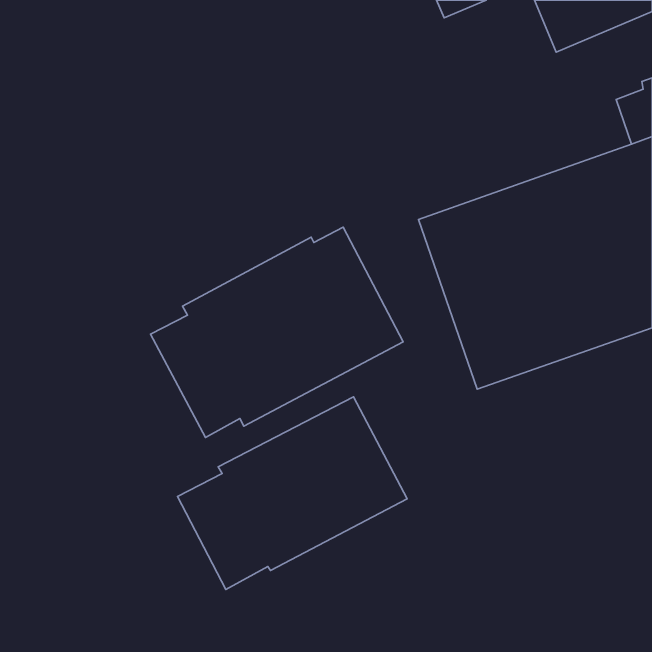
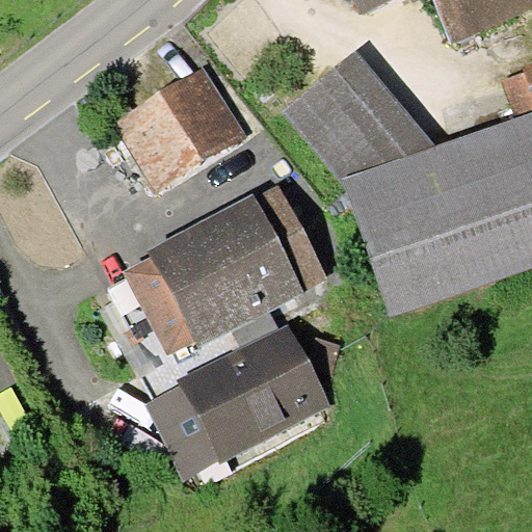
building: none -> [283,49,437,179]
building: none -> [113,65,248,192]

